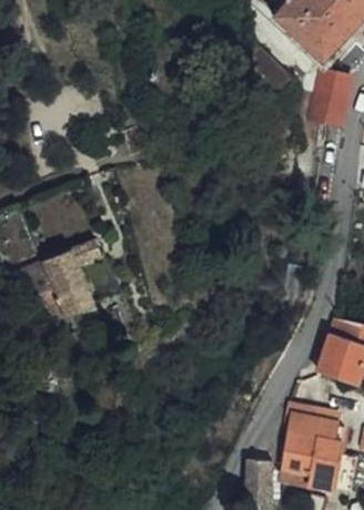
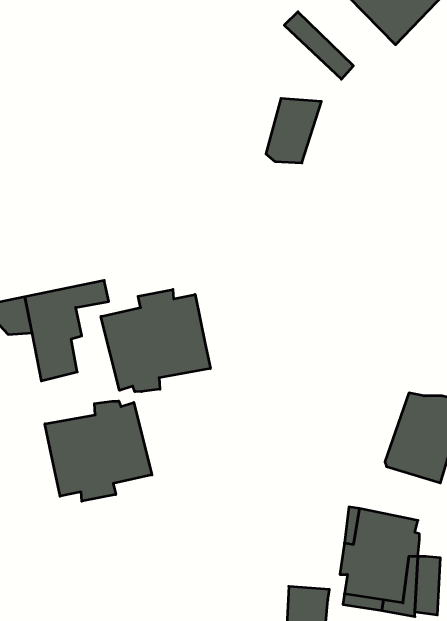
building: [312,74,353,122] -> [266,98,321,163]
building: none -> [101,289,210,392]
building: none -> [45,401,152,501]

